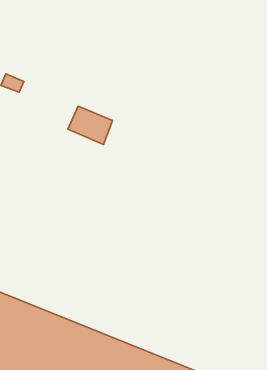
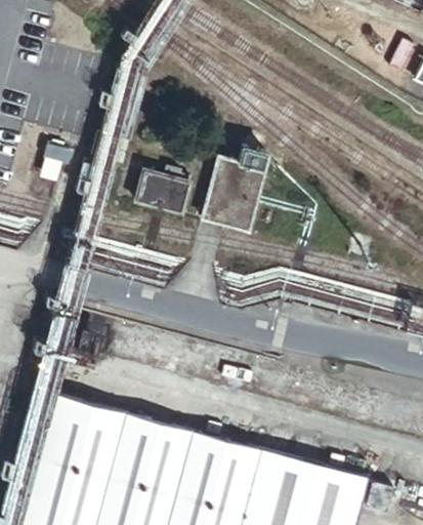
building: none -> [203,147,266,231]

